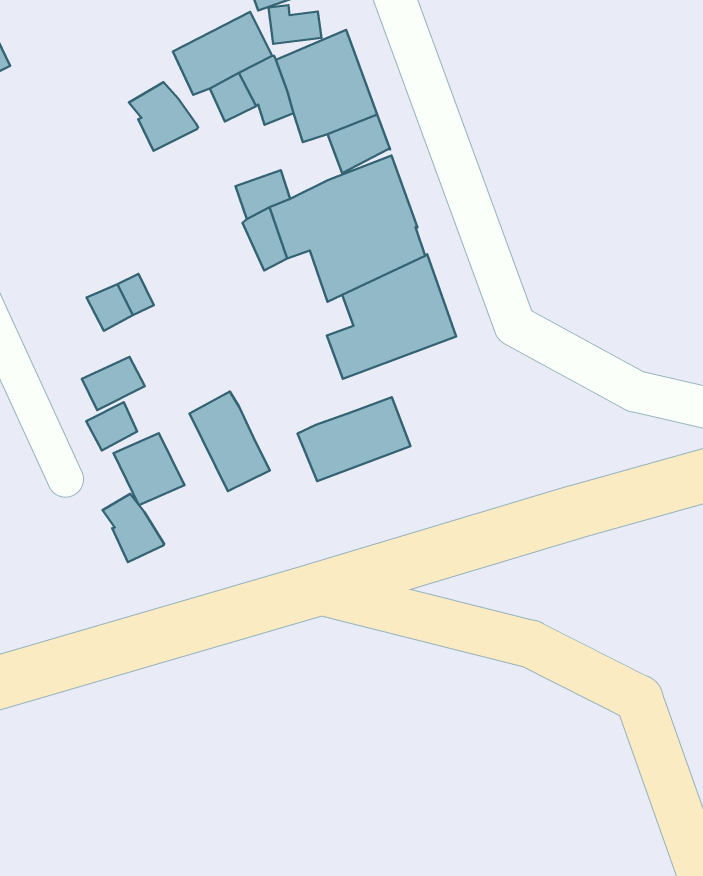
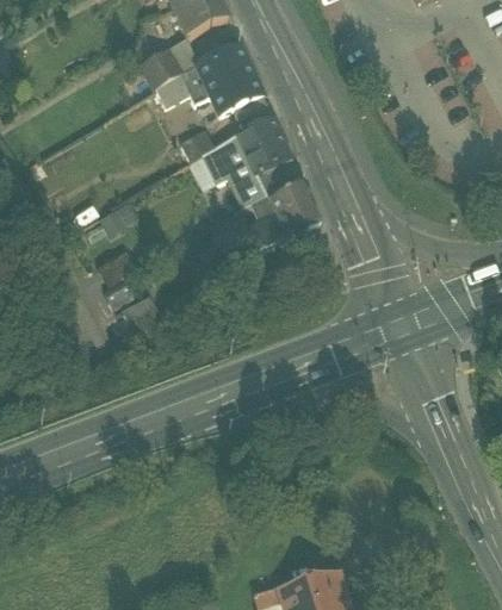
building: [129,82,198,151] -> none
building: [190,392,270,491] -> none
building: [297,397,410,481] -> none
building: [102,494,164,562] -> none

